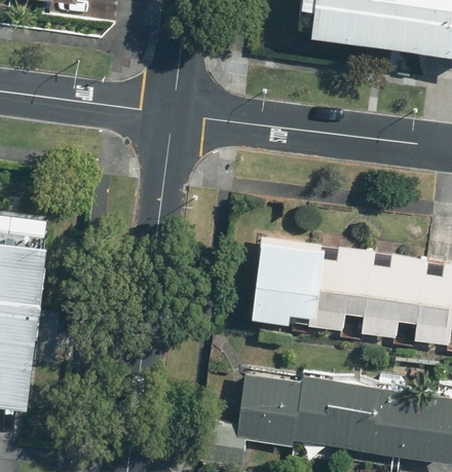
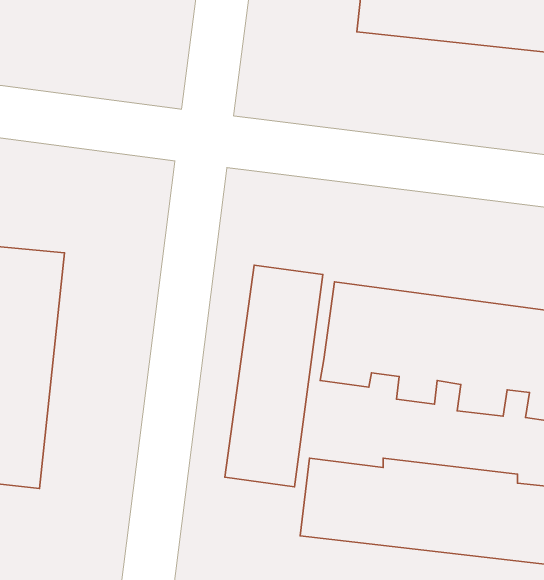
building: none -> [225,265,323,487]

